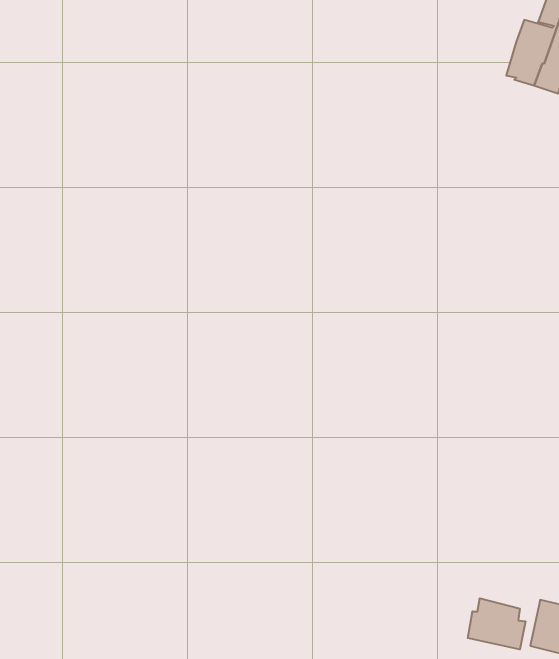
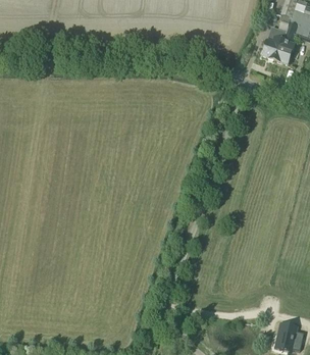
building: [468,598,525,649] -> none

